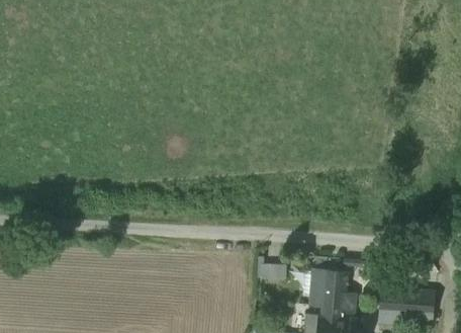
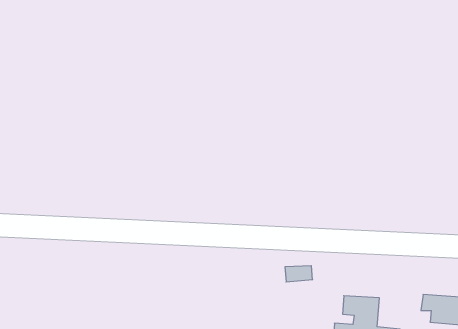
building: [312,270,345,293] -> none

